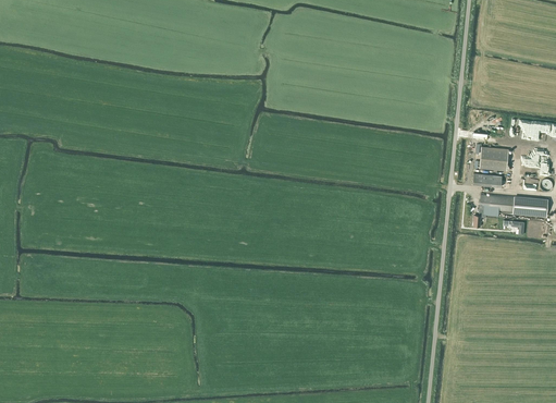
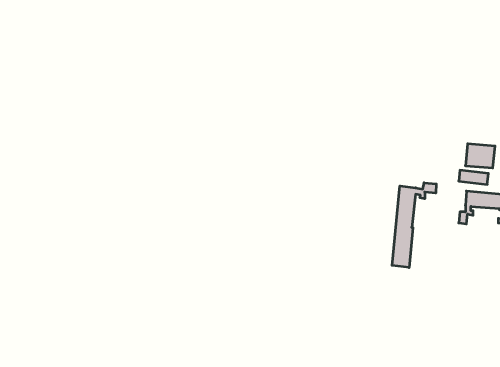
building: none -> [392,183,436,268]

